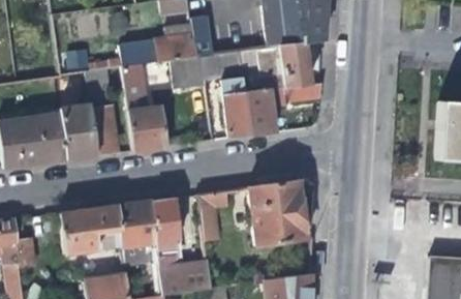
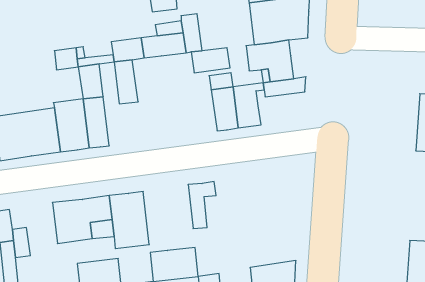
building: [173,57,208,89] -> none
building: [129,107,168,152] -> none
building: [249,182,307,245] -> none
building: [154,199,182,265] -> none

